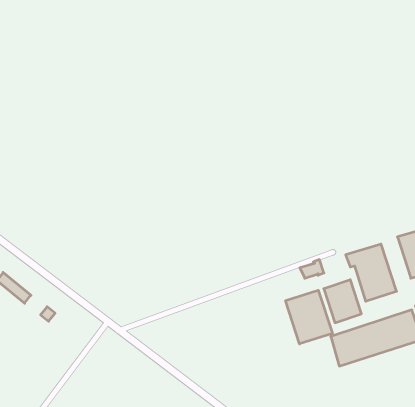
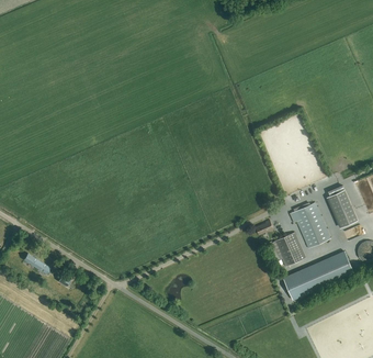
building: [286,290,332,344] -> none

